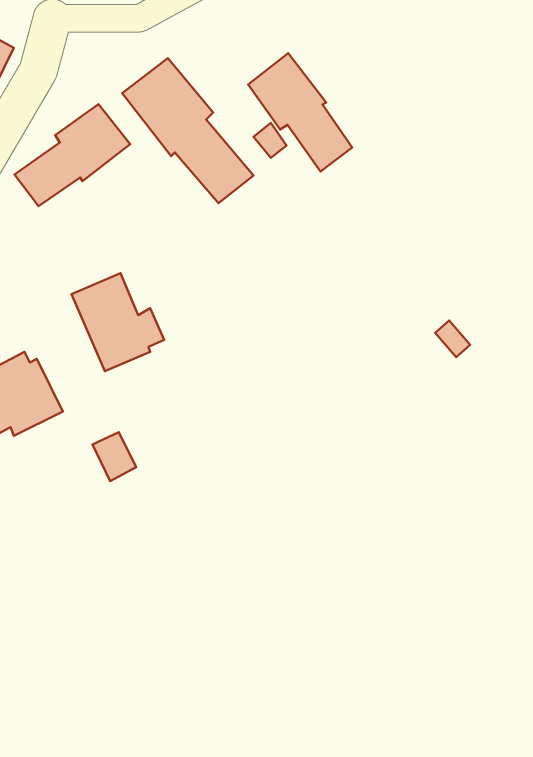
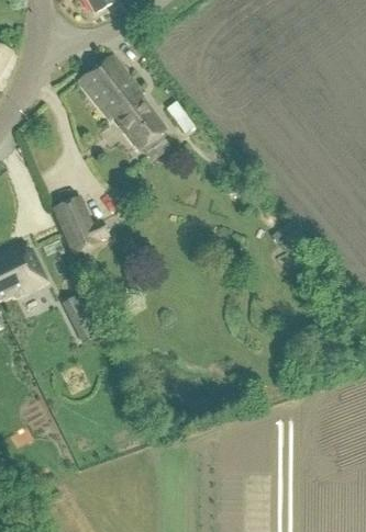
building: [248,53,352,172] -> none
building: [15,104,130,206] -> none

